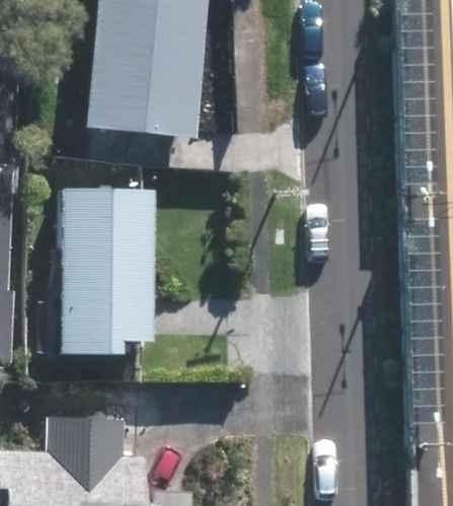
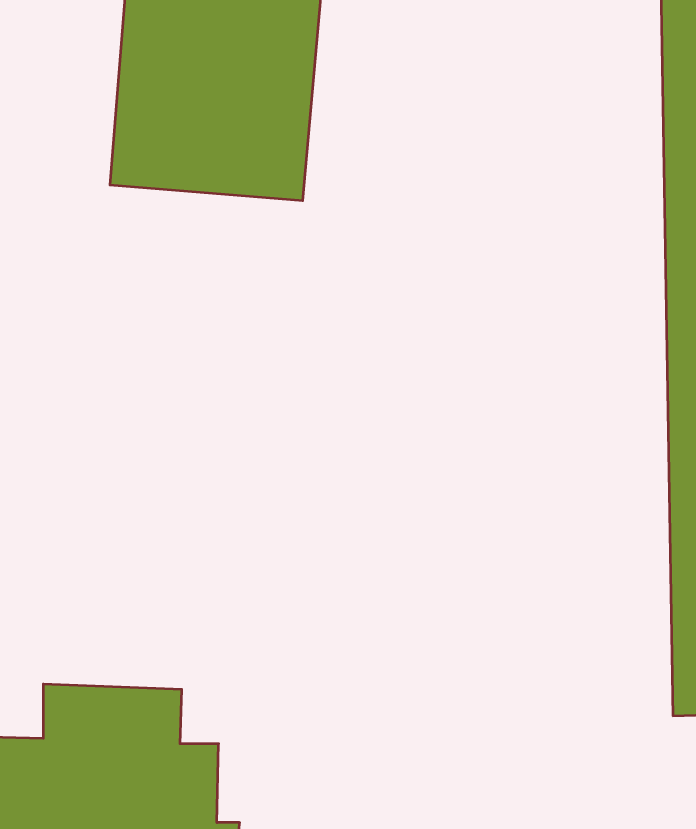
building: [56,187,154,352] -> none

